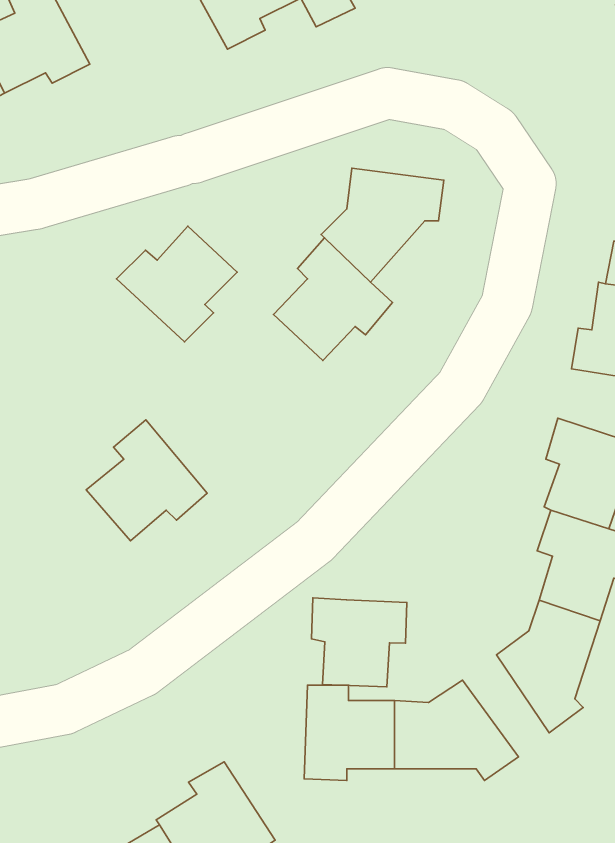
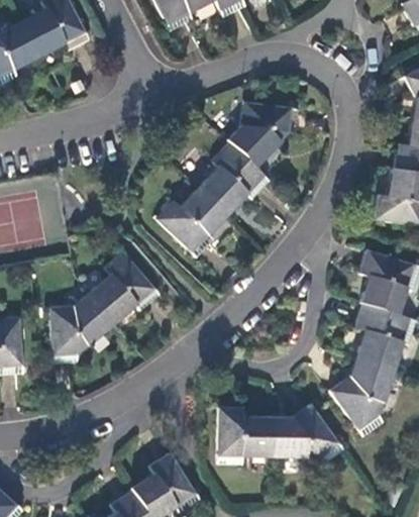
building: [116,226,237,342] -> [155,188,227,256]
building: none -> [49,292,113,363]
building: [311,598,407,687] -> none

